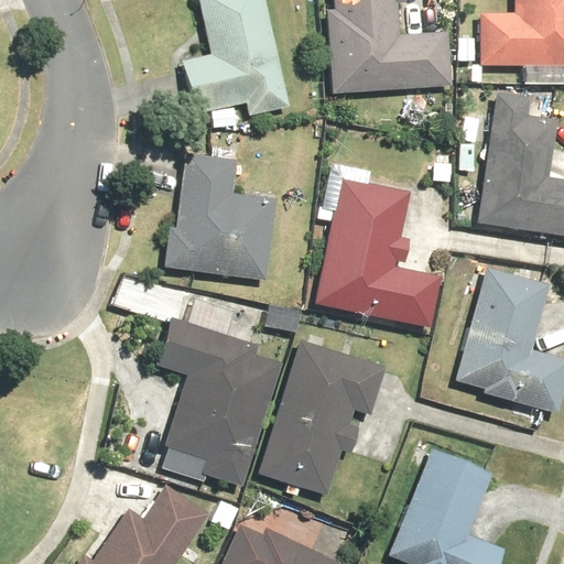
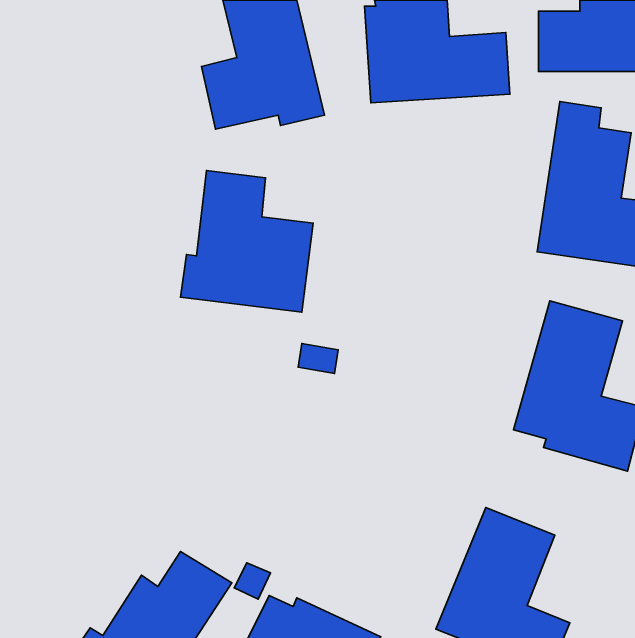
building: [314,176,444,327] -> none
building: [154,316,281,484] -> none
building: [259,339,388,496] -> none

